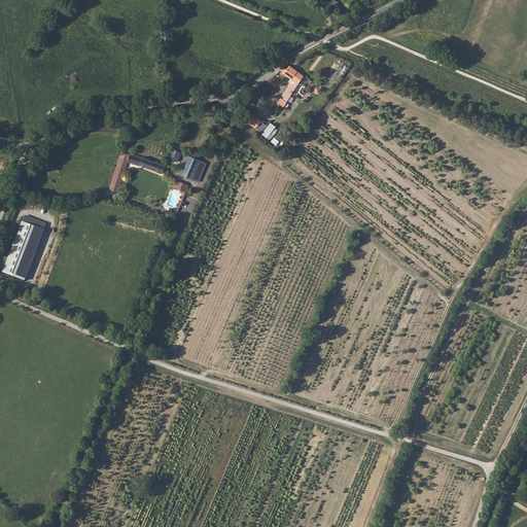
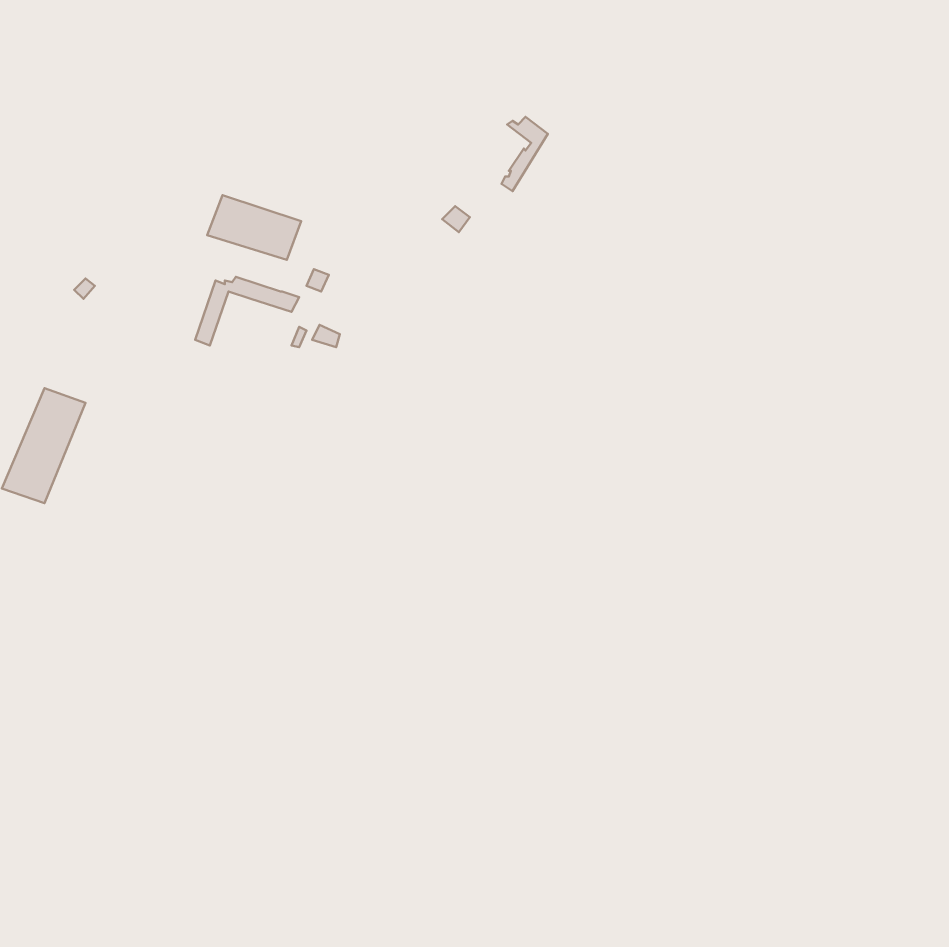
building: none -> [207,195,301,260]
building: [181,157,207,183] -> none

